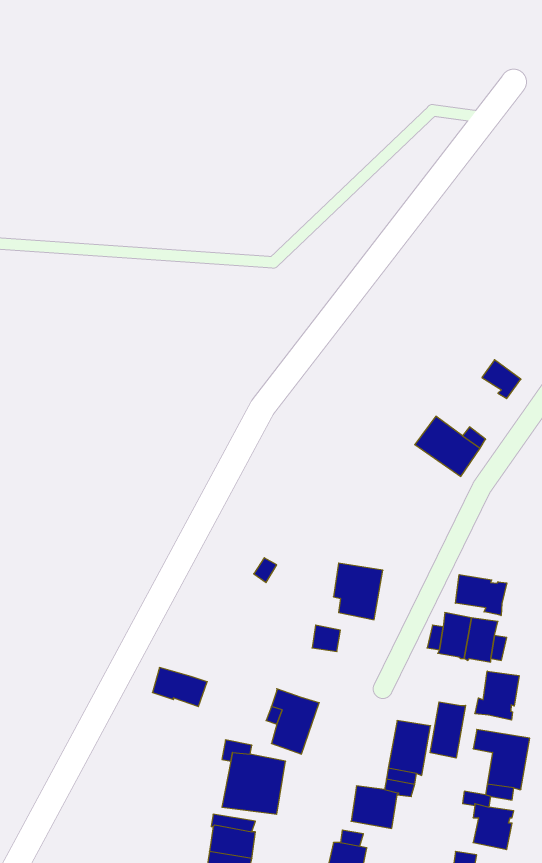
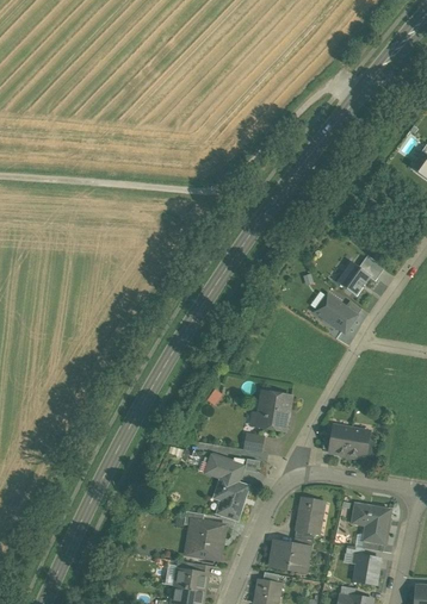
building: none -> [336,261,372,297]
building: [455,575,507,616] -> none
building: [152,668,207,707] -> [206,456,243,482]
building: [475,671,519,720] -> none
building: [430,702,466,758] -> none

